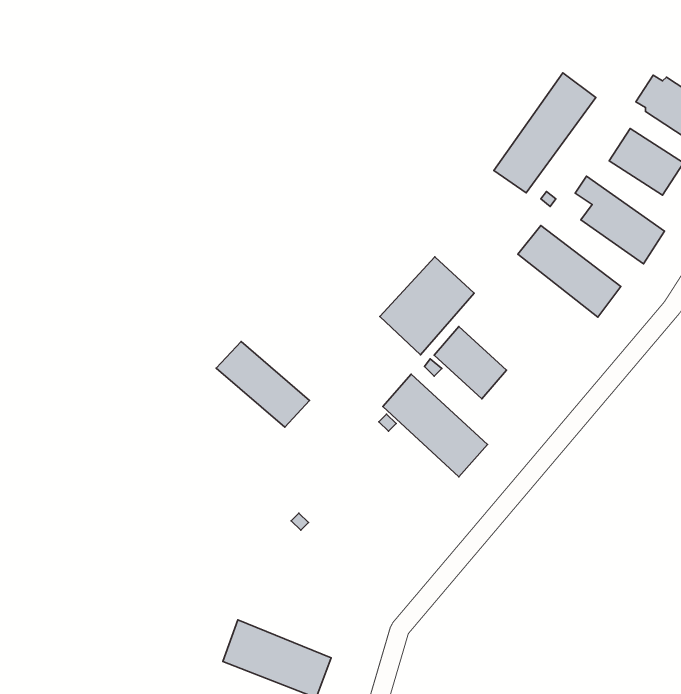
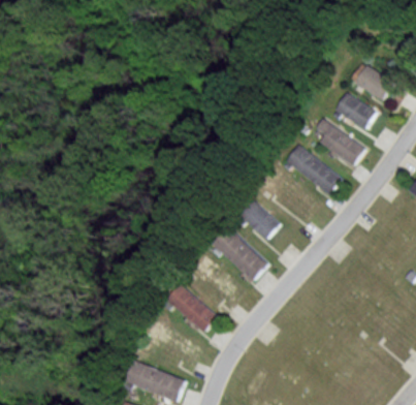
building: [494,73,596,193] -> none
building: [380,257,474,355] -> none
building: [216,342,310,427] -> [166,284,217,331]

